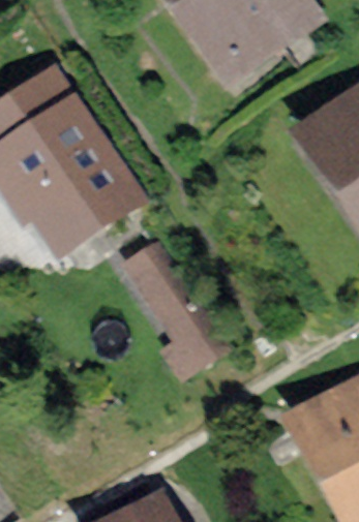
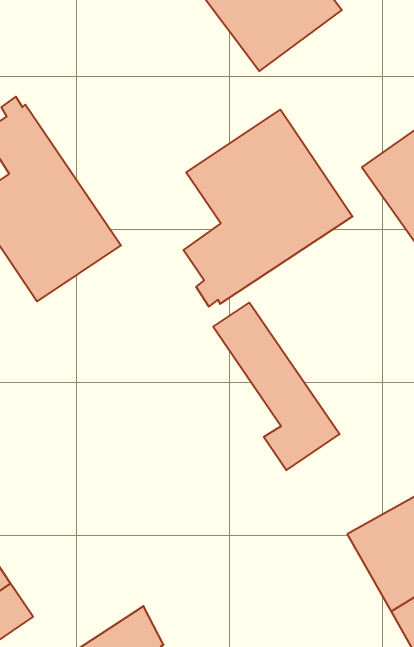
building: none -> [183,110,353,307]
building: [130,248,229,378] -> [213,303,340,470]

